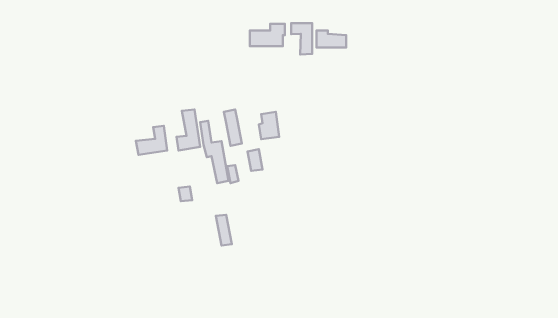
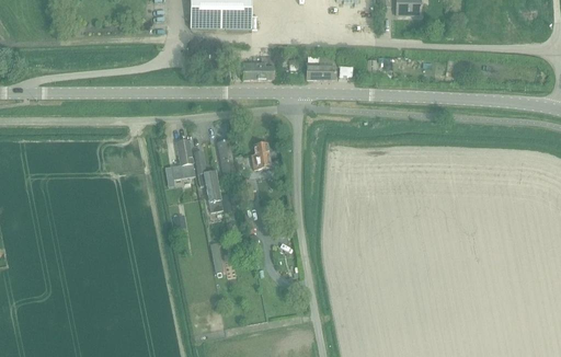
building: [291,23,312,54] -> none
building: [136,126,167,155] -> none

